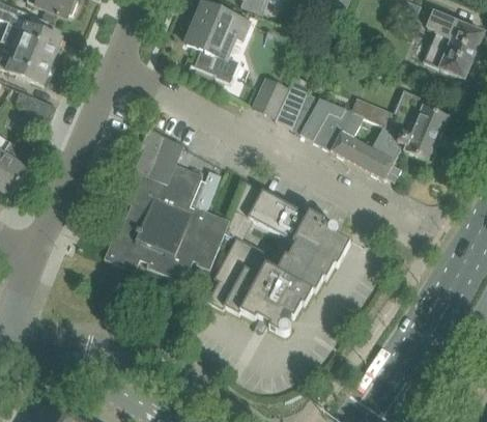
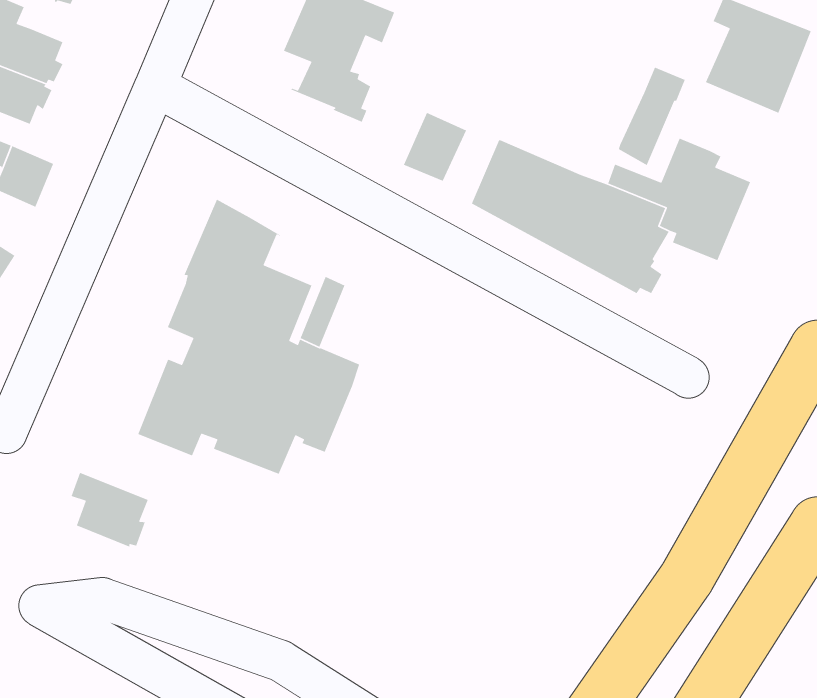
building: [275,73,313,129] -> [618,67,686,166]
building: [207,180,350,334] -> none
building: none -> [71,472,149,548]

